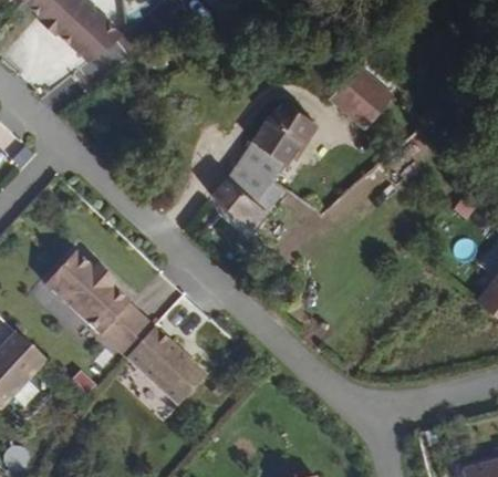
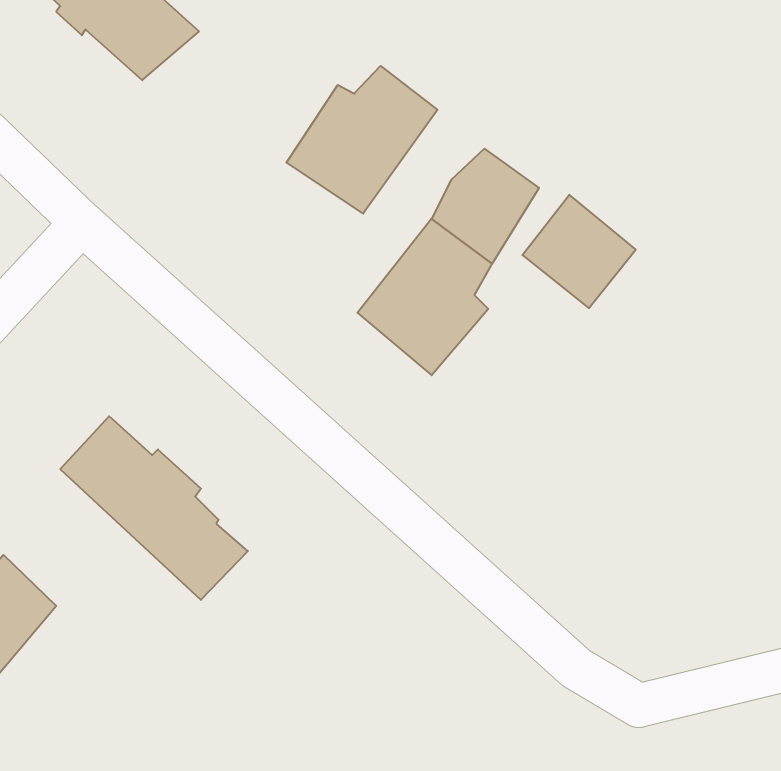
building: none -> [286,66,437,214]
building: [330,64,394,128] -> [522,195,636,308]
building: [123,328,204,405] -> none

